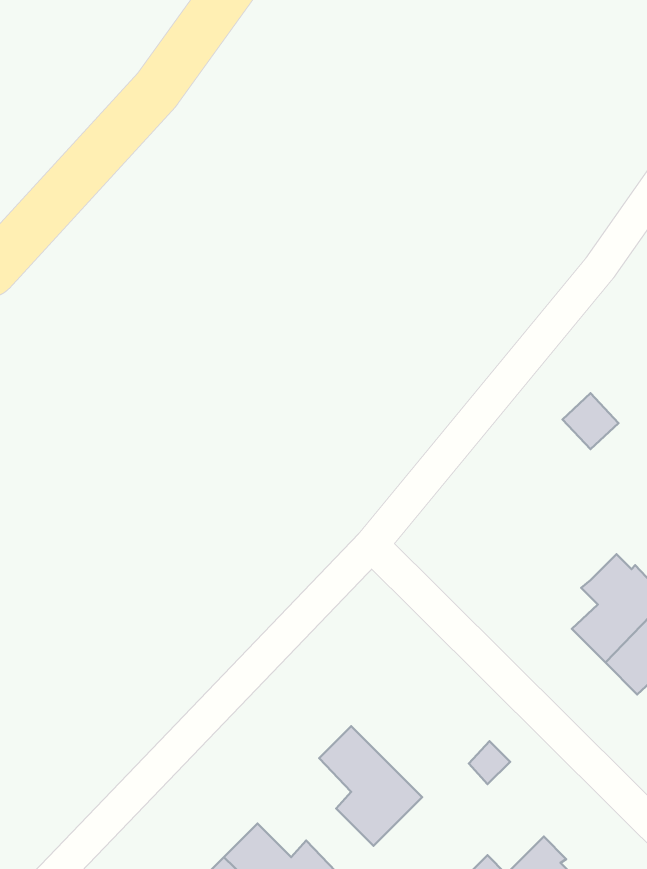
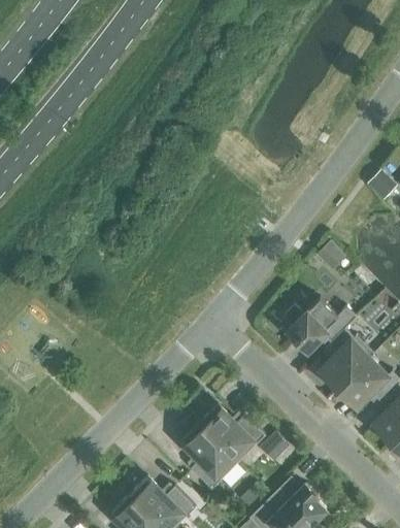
building: none -> [290,300,357,349]
building: none -> [199,406,265,464]

